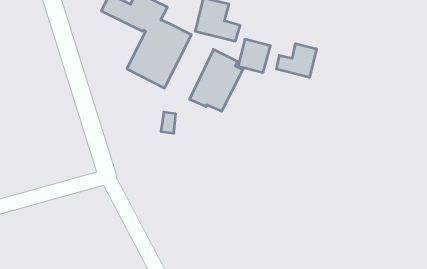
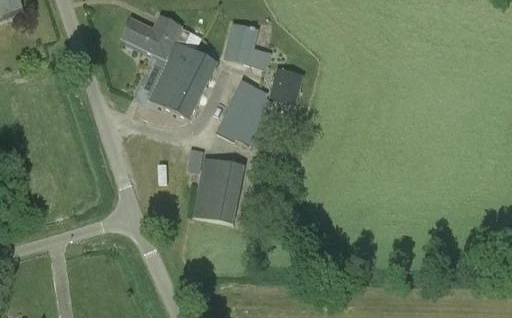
building: [276,44,316,77] -> none
building: none -> [194,157,245,224]

